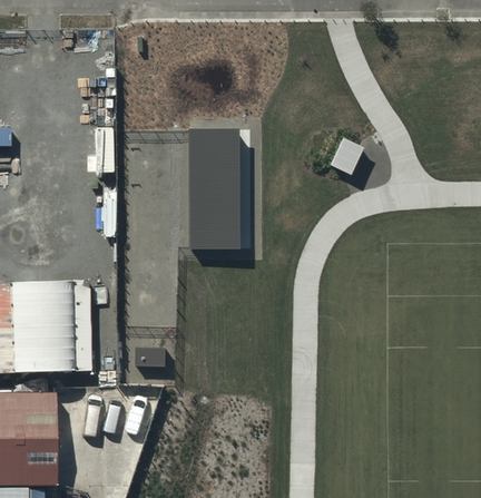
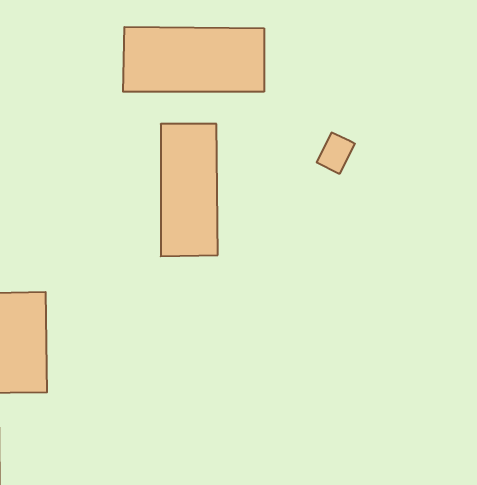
building: none -> [123,27,264,92]

